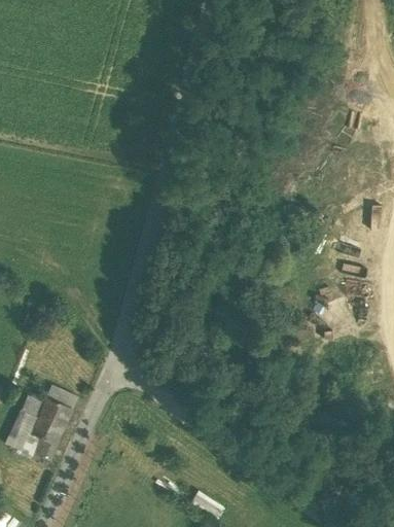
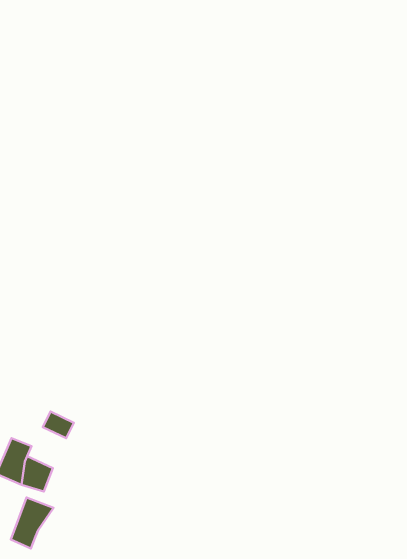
building: [33,397,69,436] -> none
building: none -> [11,498,53,548]

